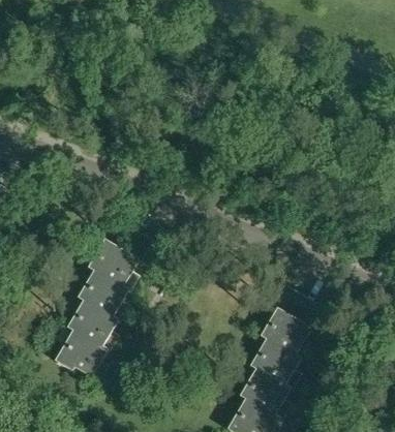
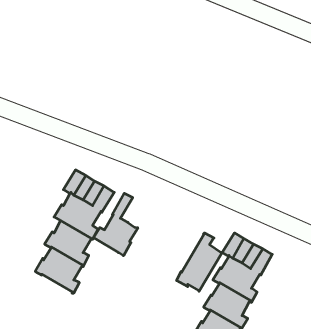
building: none -> [93,193,138,256]
building: none -> [177,233,222,291]
building: [53,331,107,381] -> none

